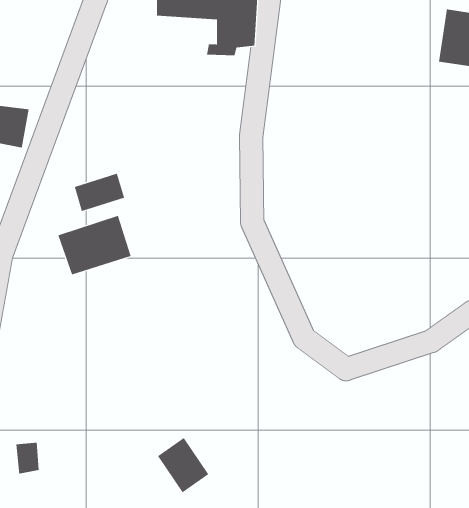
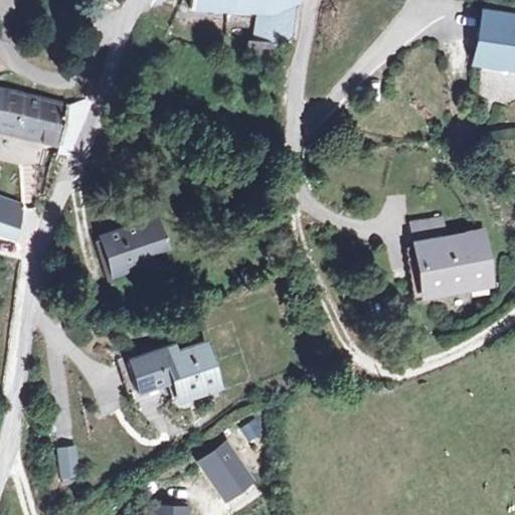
building: [74,173,125,212] -> none
building: none -> [410,220,486,288]
building: none -> [122,345,224,398]

